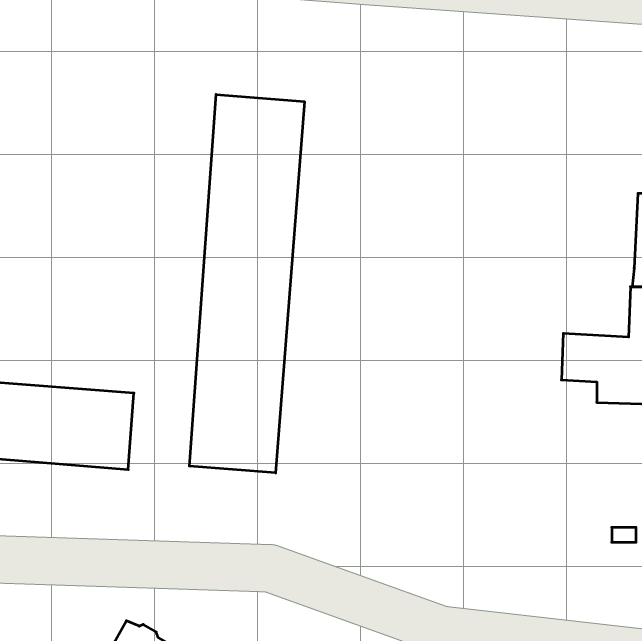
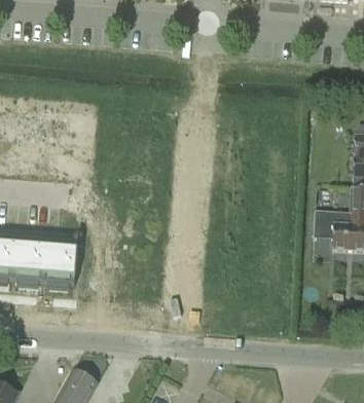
building: [189,94,304,473] -> none

